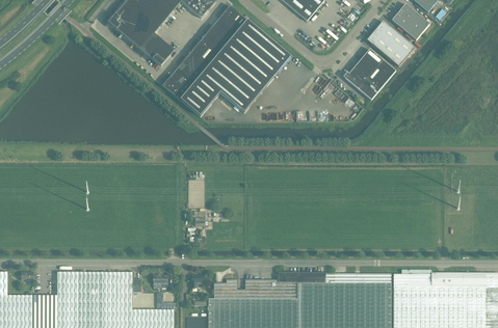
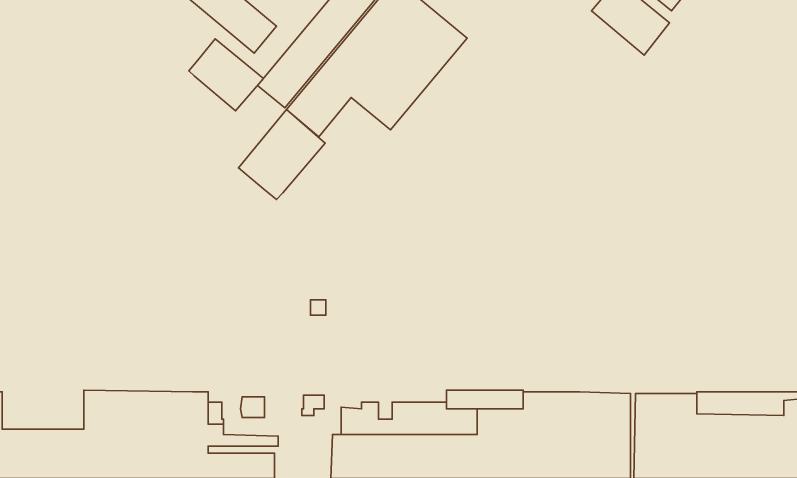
building: [342,50,395,101] -> none
building: none -> [189,39,264,111]
building: none -> [238,110,325,200]

